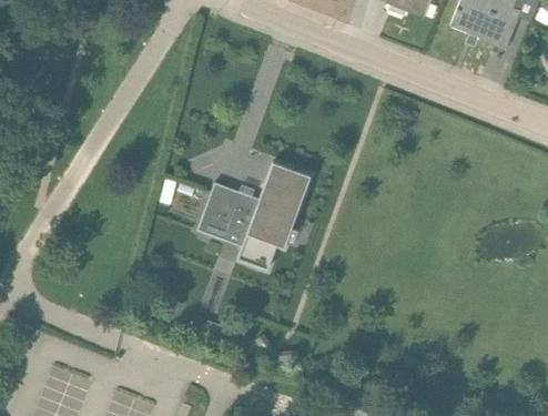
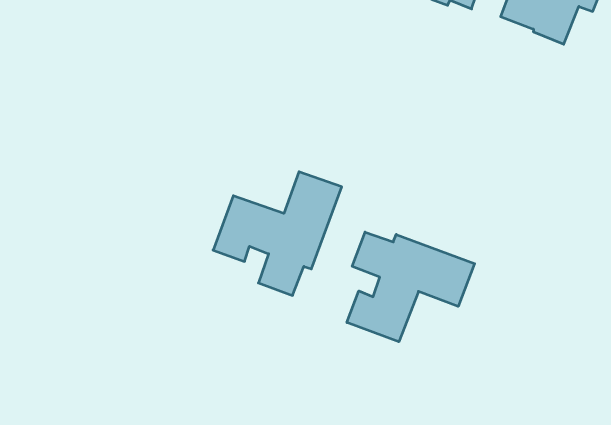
building: none -> [347,232,475,342]

